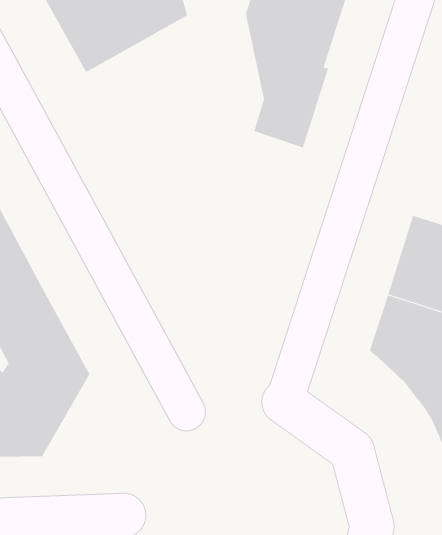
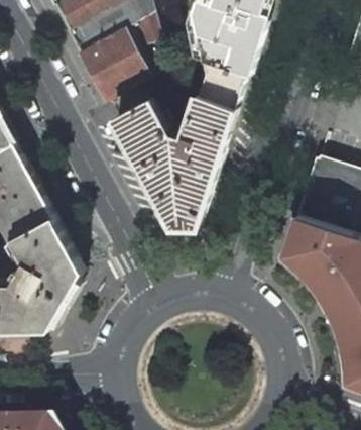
building: none -> [79,12,158,101]
building: none -> [113,95,236,227]

